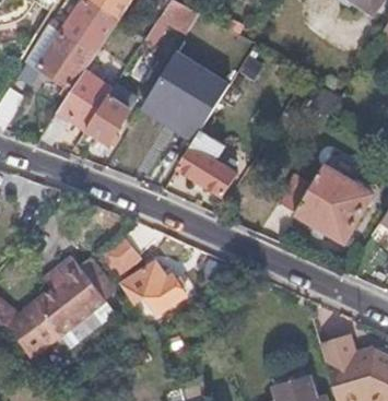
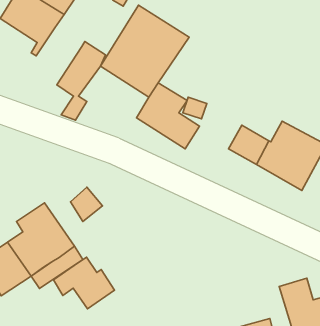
building: [37,70,113,148] -> none
building: [121,260,186,315] -> [53,257,114,309]

